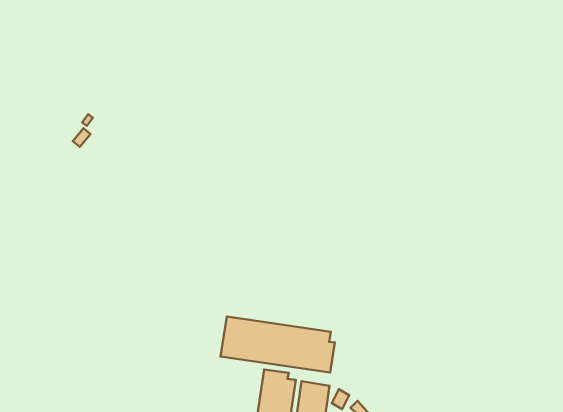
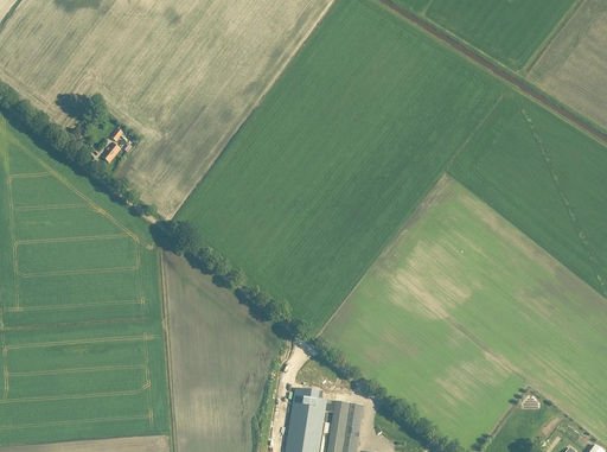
building: [221,316,335,372] -> none

